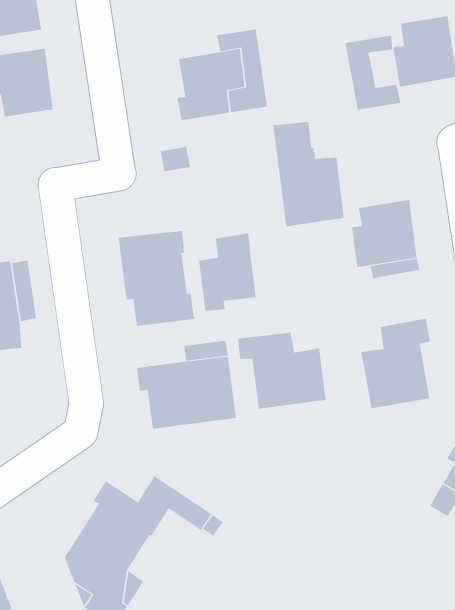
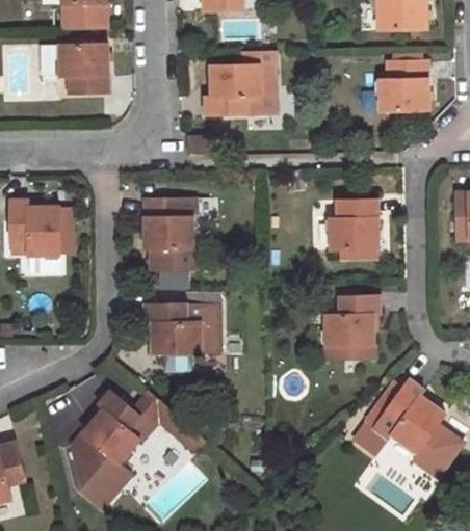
building: [345,35,401,110] -> none
building: [273,121,344,227] -> none
building: [198,233,256,312] -> none
building: [237,332,326,410] -> none

